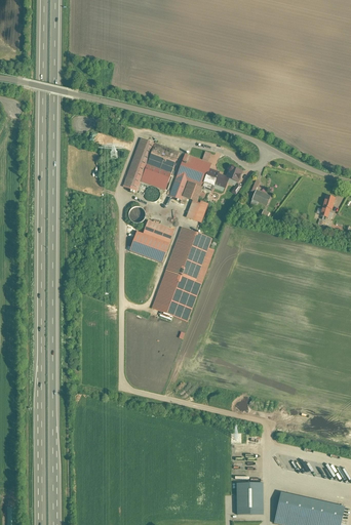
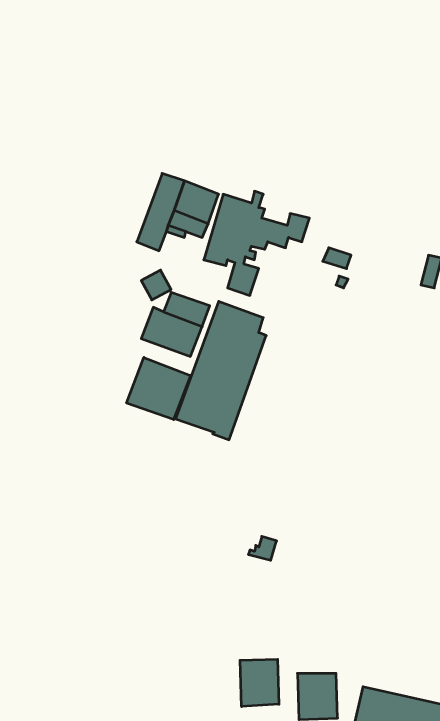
building: none -> [127,357,191,420]
building: none -> [240,659,279,707]

